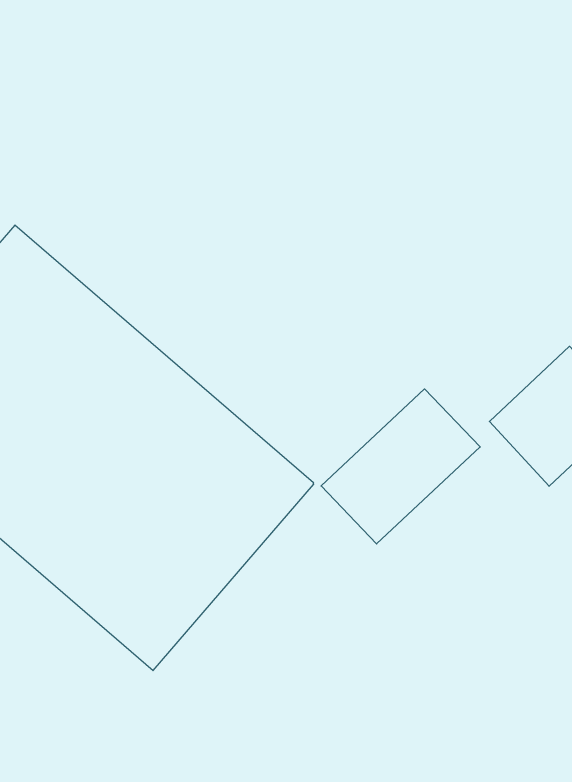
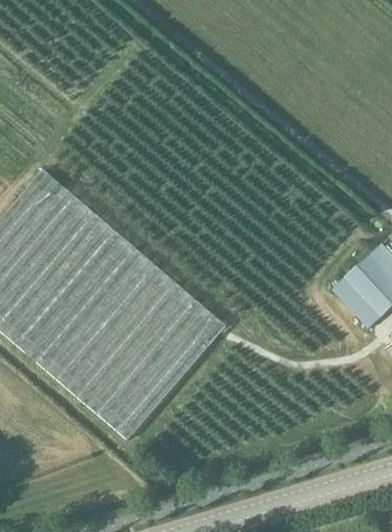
building: [321,389,480,544] -> none

